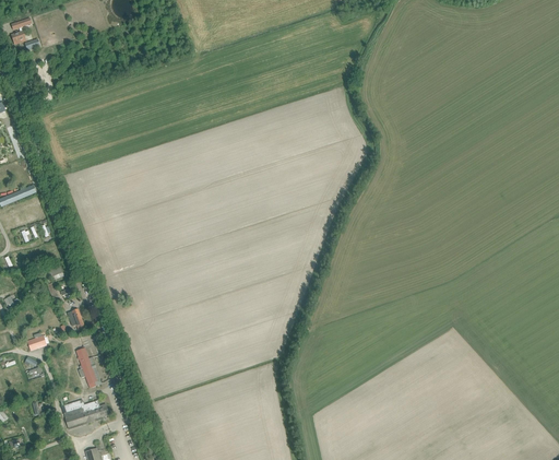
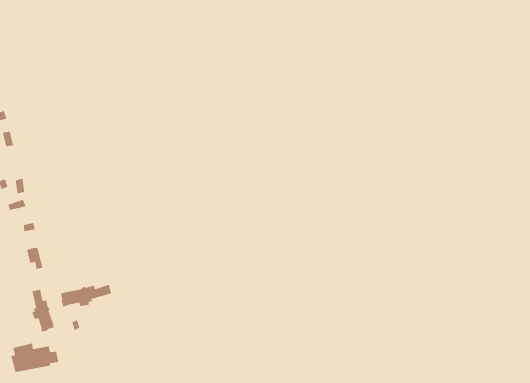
building: none -> [60,284,112,307]

